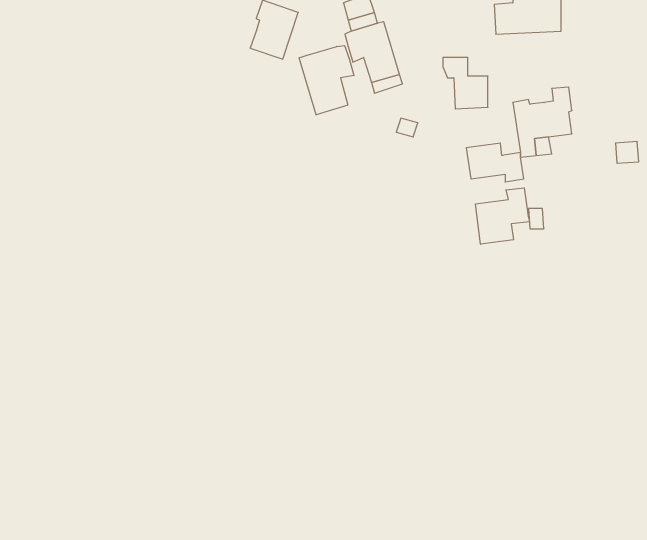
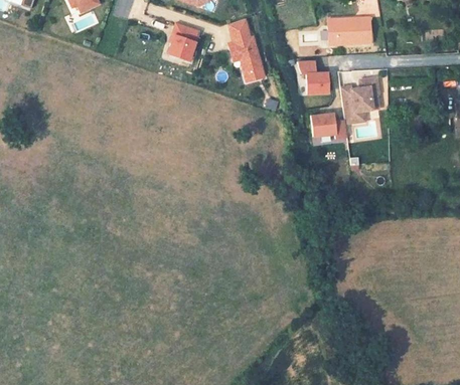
building: [299,46,354,115] -> none
building: [476,188,529,244] -> none

